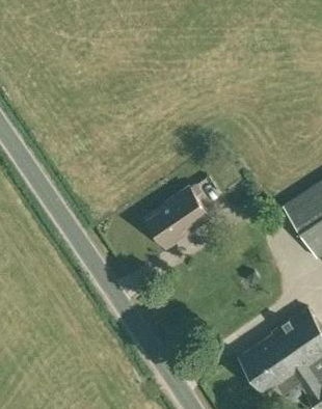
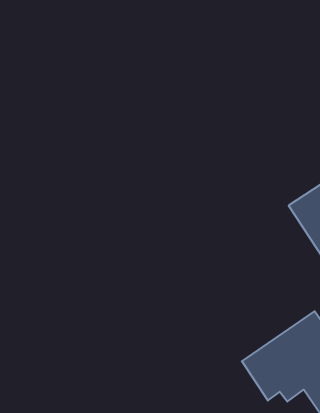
building: [147,187,210,247] -> none

